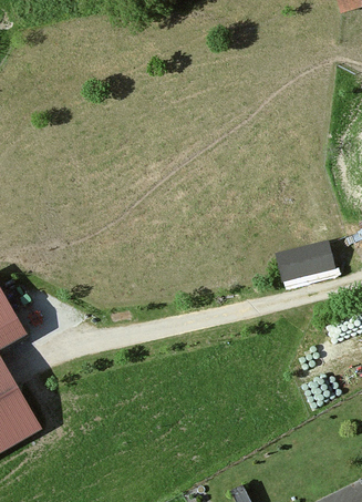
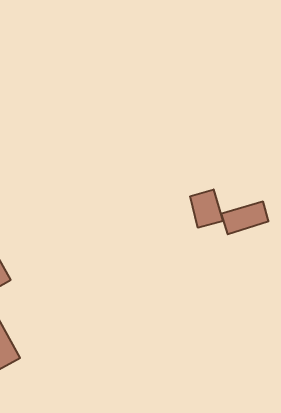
building: none -> [190,189,223,228]

